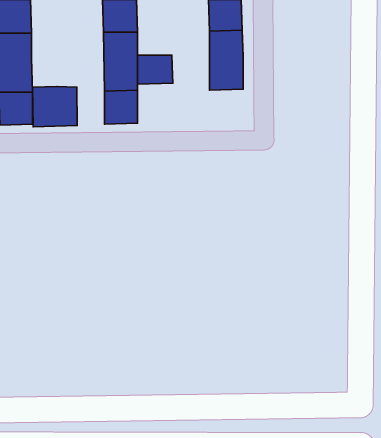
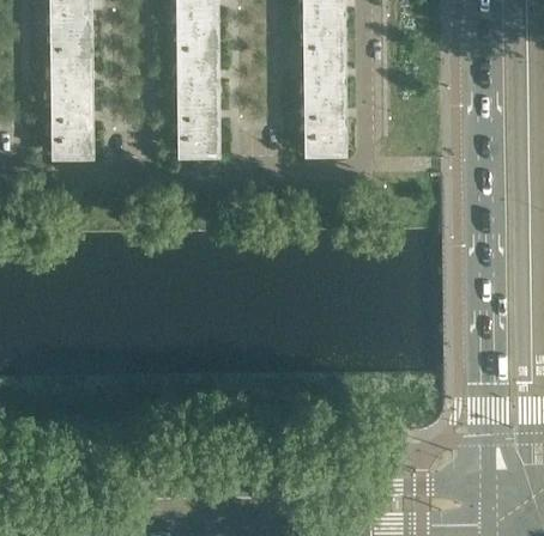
building: [137,55,173,84] -> none
building: [33,86,77,127] -> none
building: none -> [303,111,344,152]

